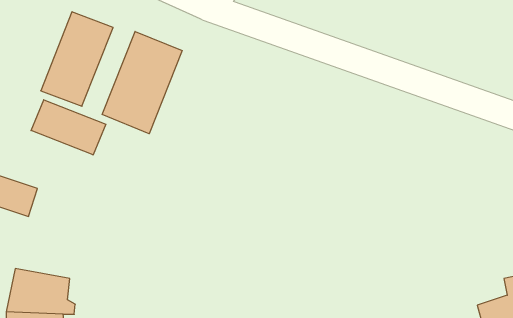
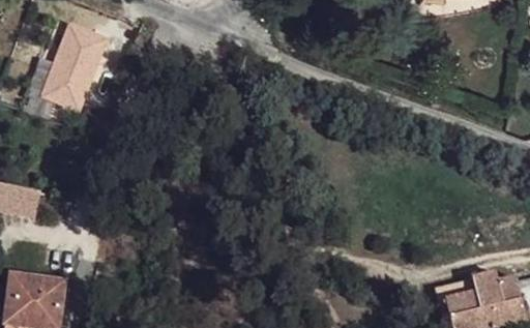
building: [102,31,182,134] -> none
building: [31,100,106,155] -> none

